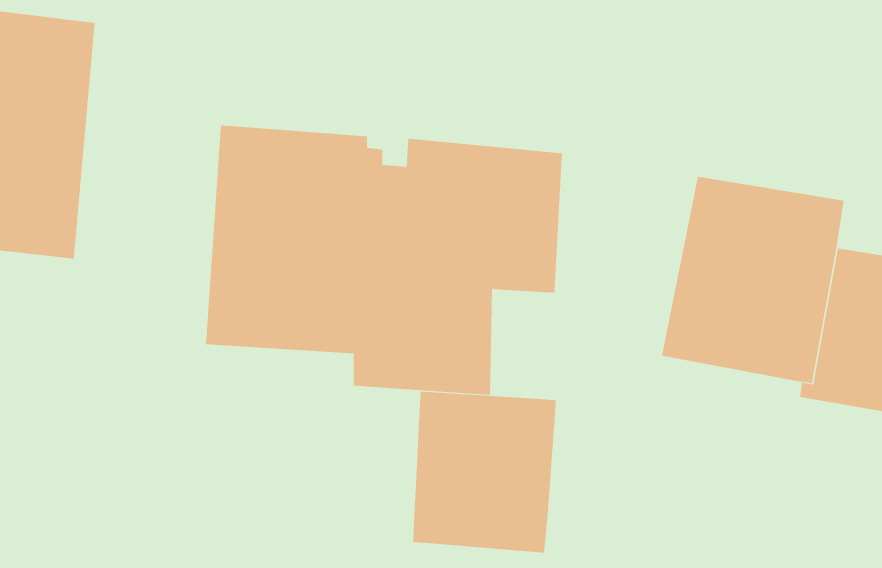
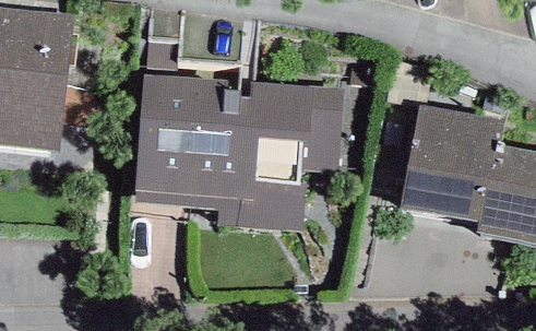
building: [413,391,556,554] -> none

